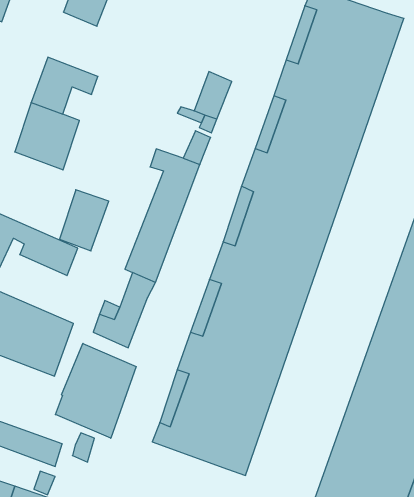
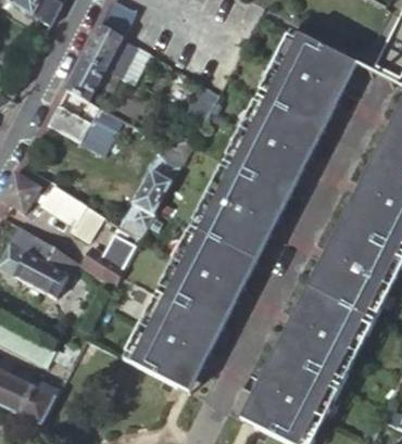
building: none -> [83,24,138,77]
building: [59,190,109,251] -> [83,107,124,155]
building: [55,343,136,438] -> none

